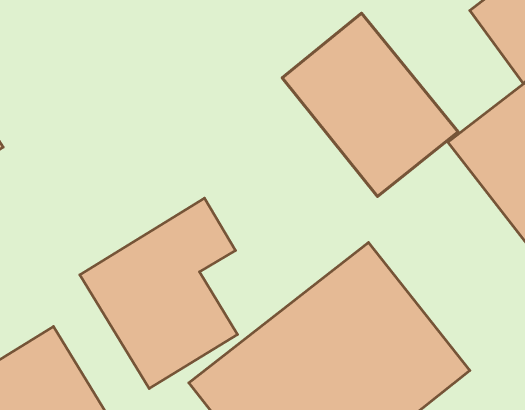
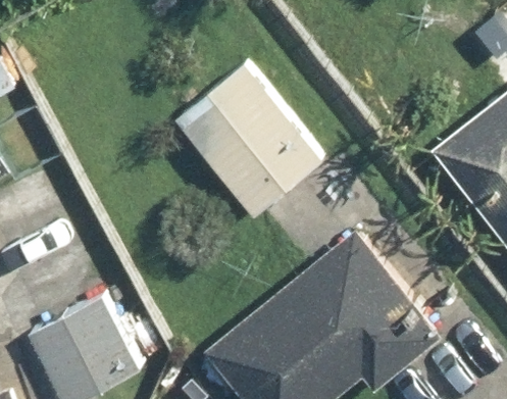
building: [282,13,458,196] -> [178,65,324,218]
building: [80,198,238,388] -> none

